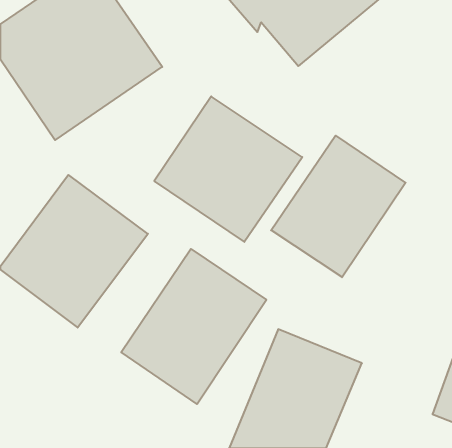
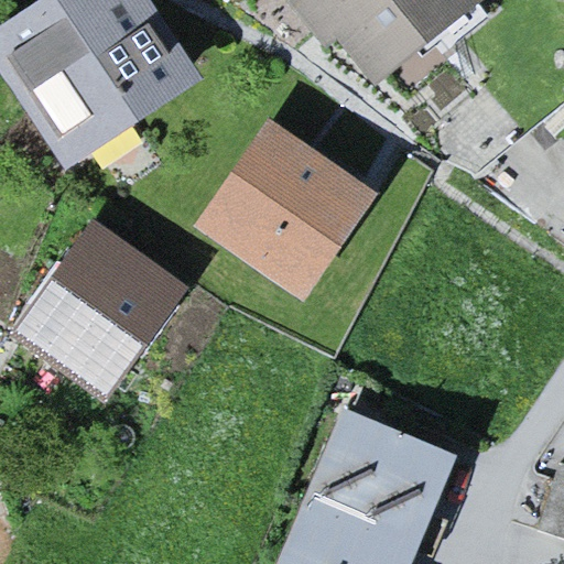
building: [271,136,406,277] -> none
building: [121,249,266,404] -> none

